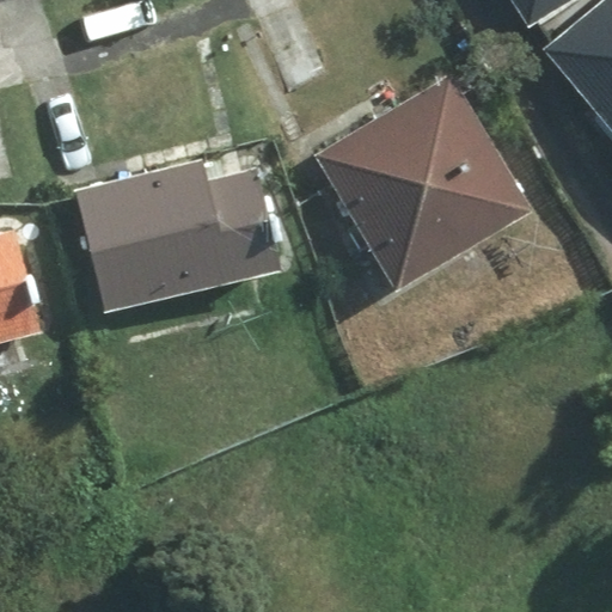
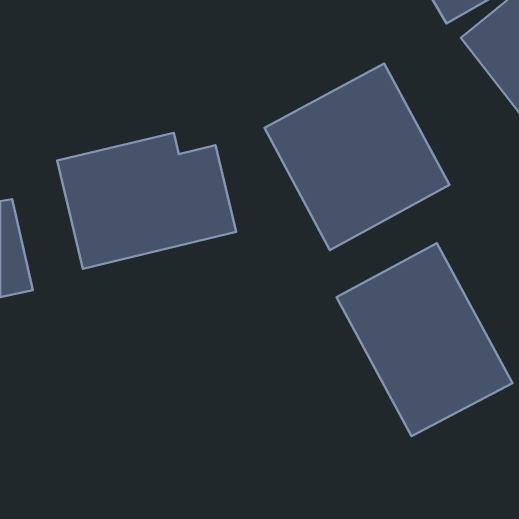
building: none -> [337,243,512,436]

